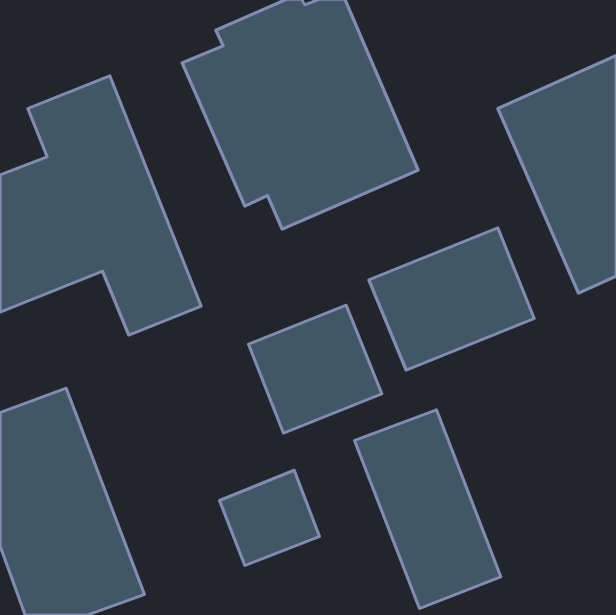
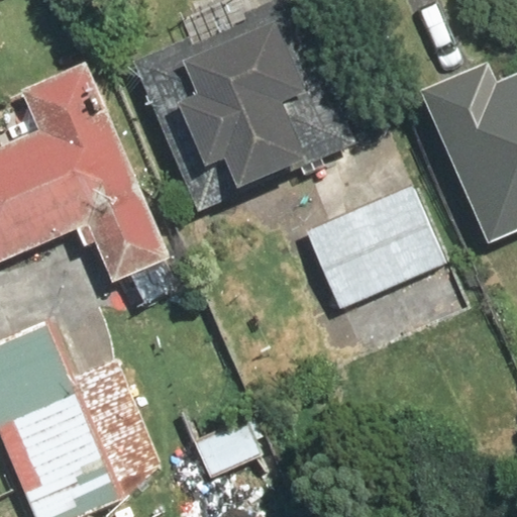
building: [249,305,382,433] -> none
building: [354,410,501,609] -> none

